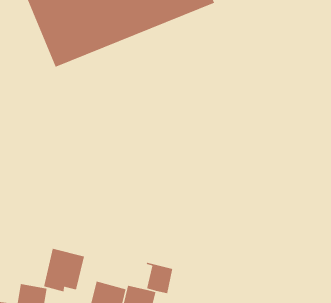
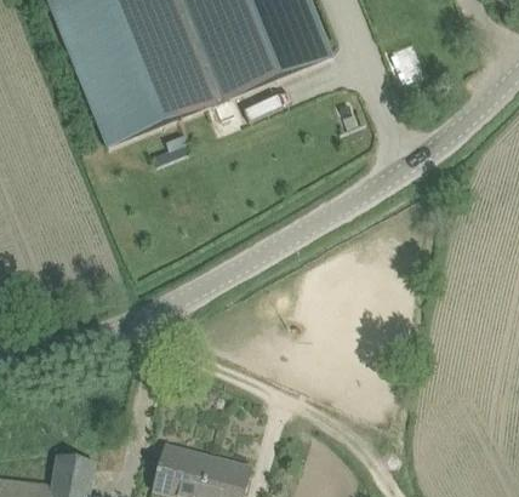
building: [43,248,85,298] -> none
building: [146,262,173,294] -> none

